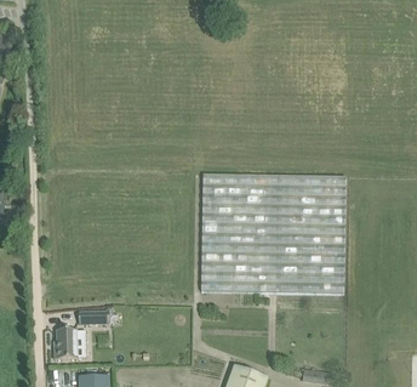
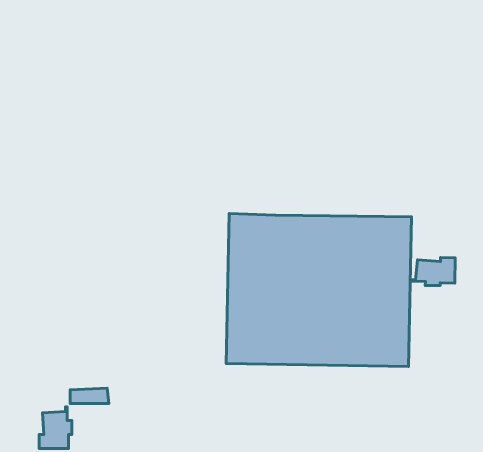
building: none -> [411,258,455,286]

